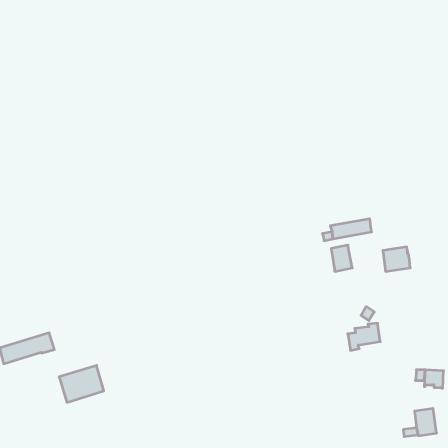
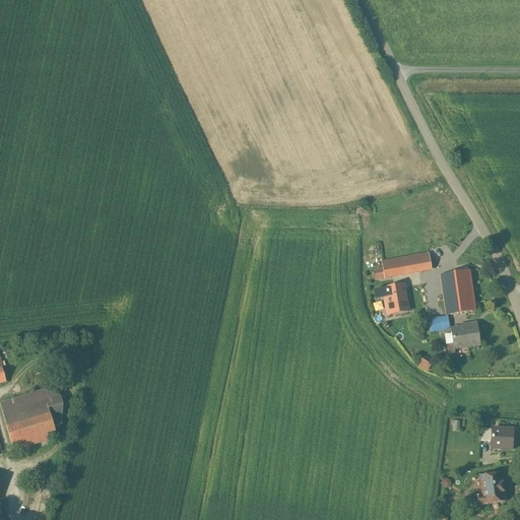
building: none -> [441,270,472,289]
building: [348,323,380,350] -> [443,322,480,353]
building: [59,365,104,402] -> [5,407,57,450]

